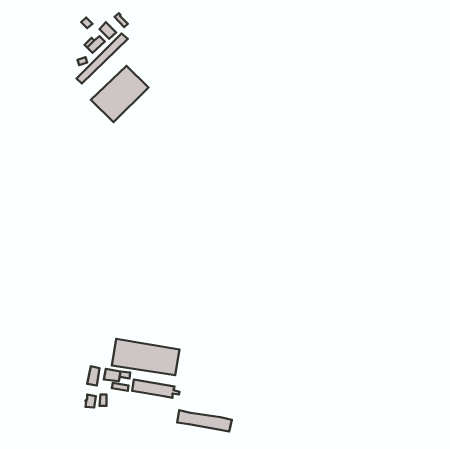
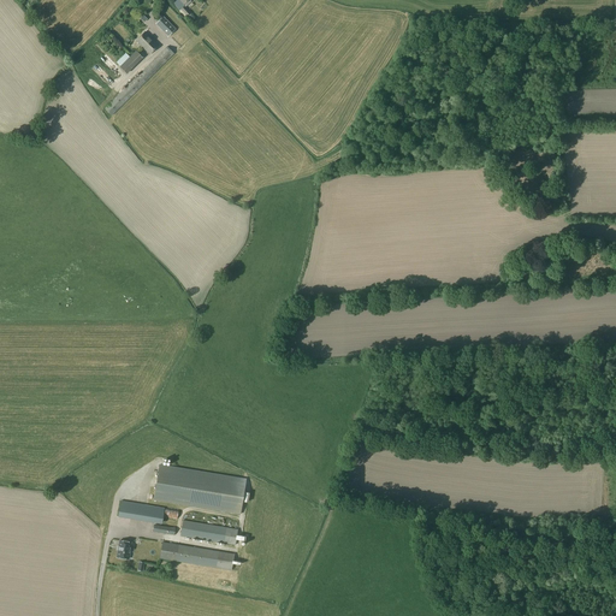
building: [91,66,148,122] -> none
building: [177,410,232,431] -> [160,540,235,569]

